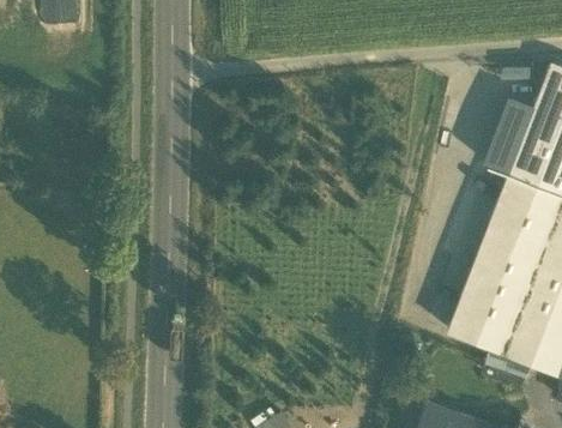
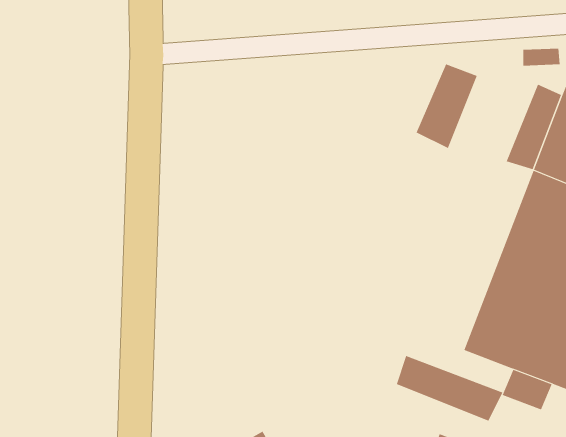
building: none -> [416,64,478,149]
building: none -> [396,355,503,422]

